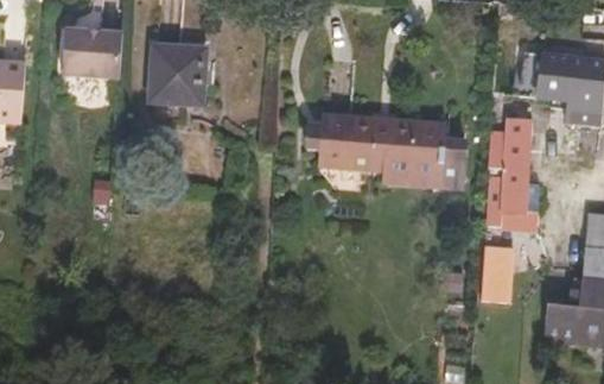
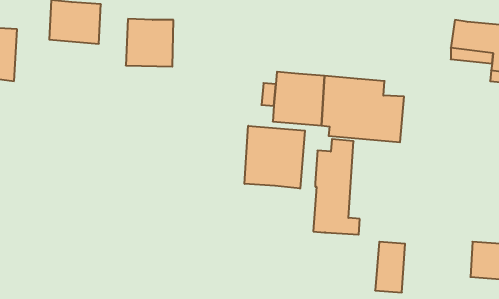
building: [485,119,539,228] -> [313,139,360,235]
building: none -> [245,126,305,189]
building: [479,244,514,302] -> [375,242,405,292]

